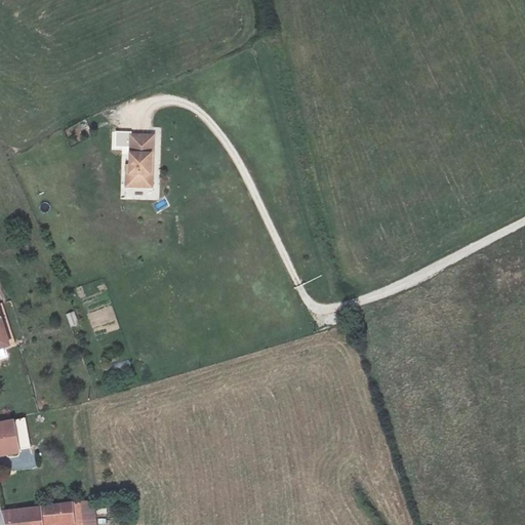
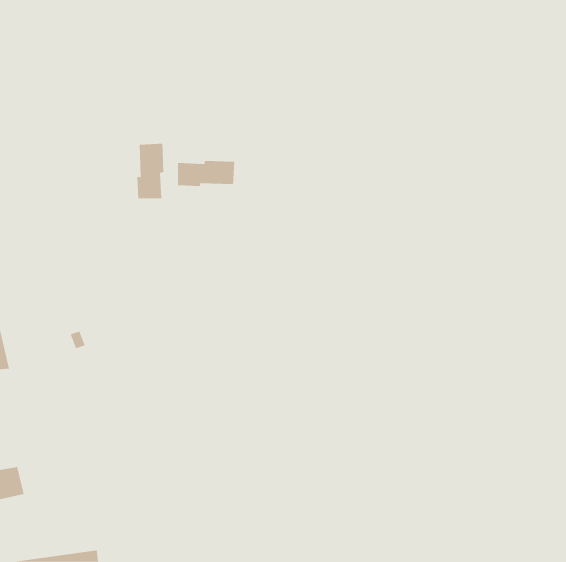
building: none -> [178,160,235,187]

